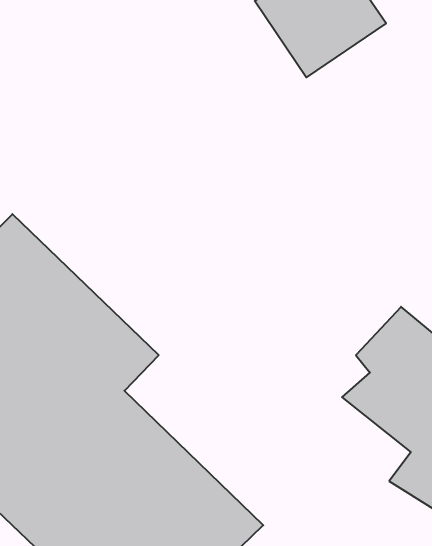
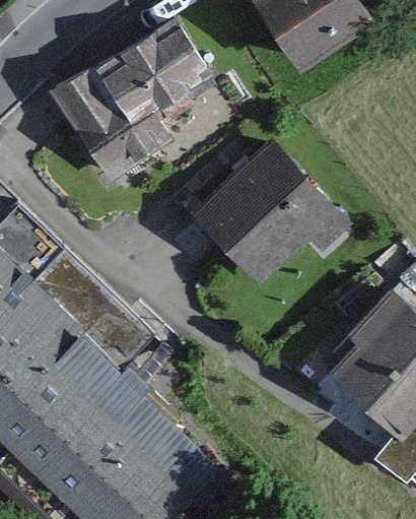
building: none -> [51,15,213,189]
building: none -> [188,136,356,289]

